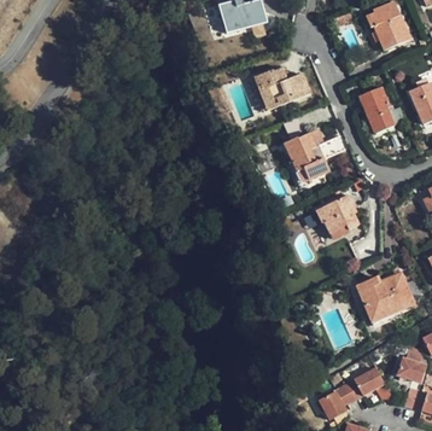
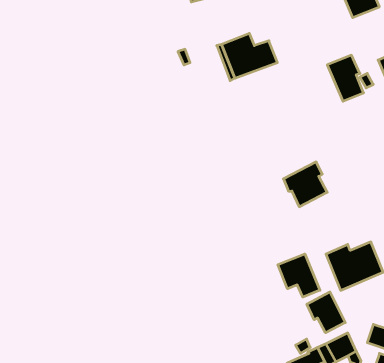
building: [282,134,332,188] -> none
building: none -> [278,254,320,297]
building: none -> [307,292,345,333]

